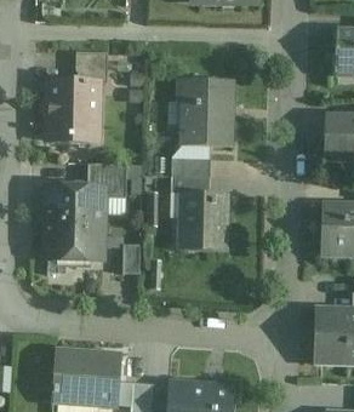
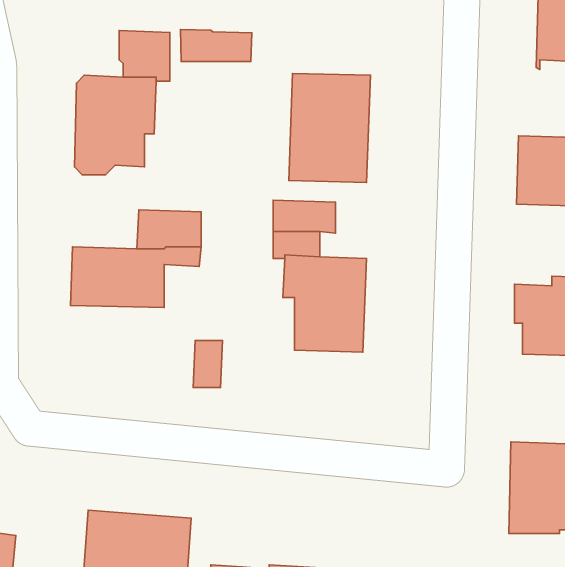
building: none -> [180,30,252,62]
building: [44,222,103,259] -> none

